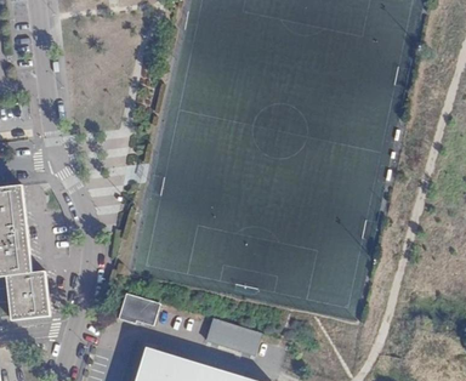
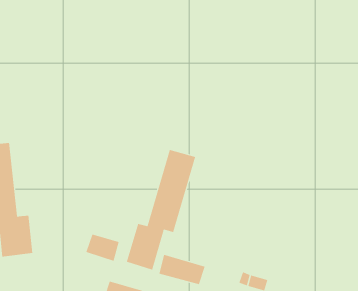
building: none -> [126,149,196,271]

